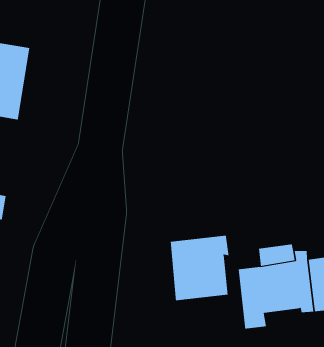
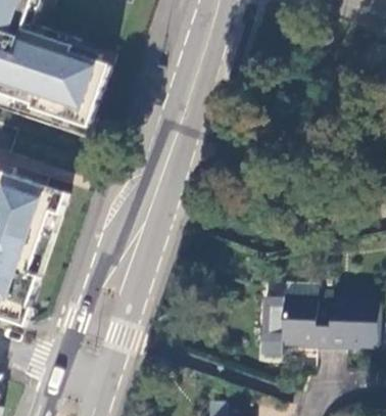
building: [170,235,229,301] -> none

